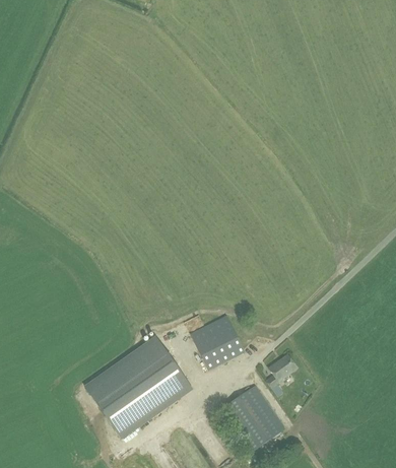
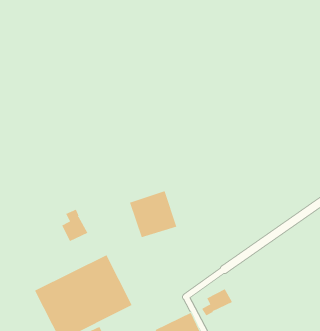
building: none -> [61,209,88,242]
building: [190,314,245,367] -> [129,191,177,238]

